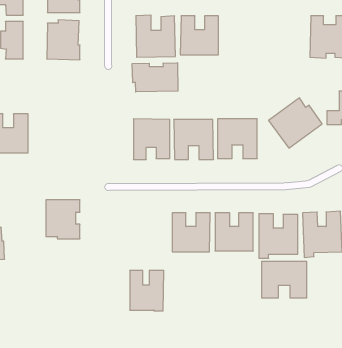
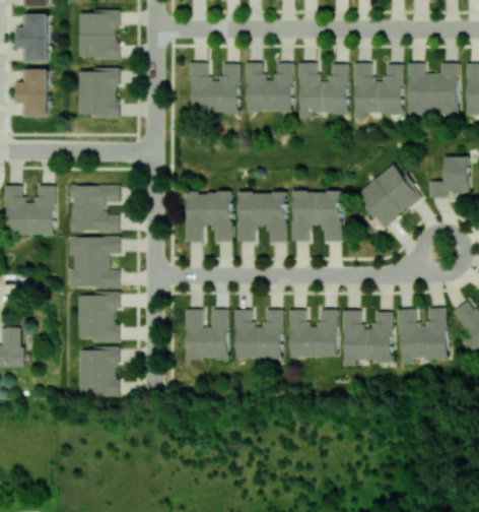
building: none -> [299,62,348,118]
building: none -> [353,62,404,118]
building: [132,63,178,92] -> none
building: none -> [70,185,121,232]
building: none -> [68,236,120,286]
building: none -> [78,345,120,395]
building: [262,261,307,298] -> none
building: [130,270,164,311] -> [187,309,229,360]

